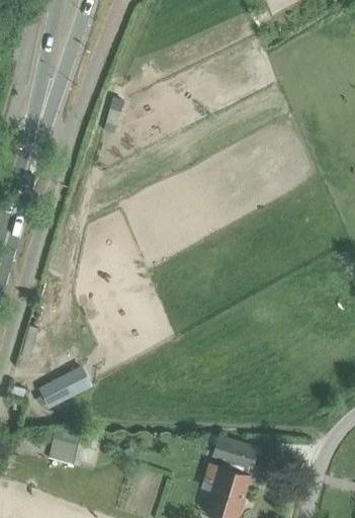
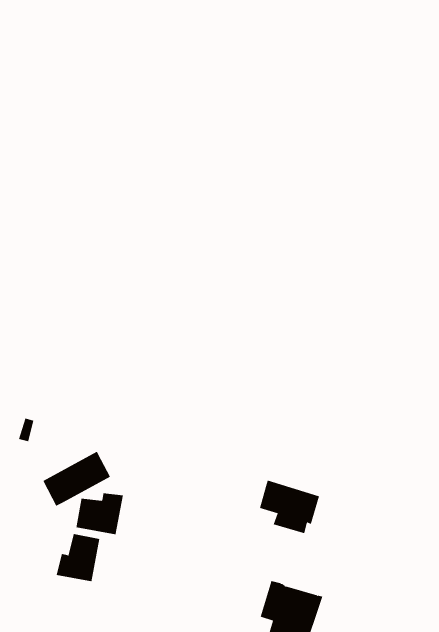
building: none -> [76,493,124,535]
building: [211,434,257,474] -> [259,480,320,534]

